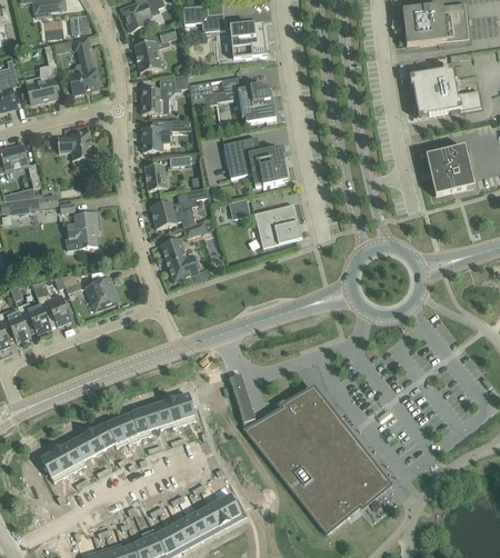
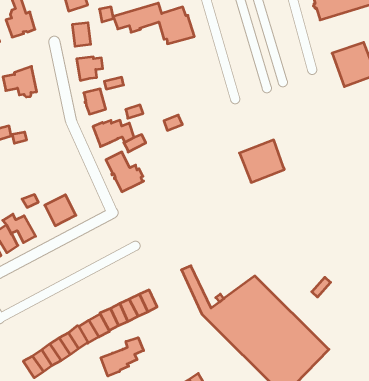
building: [224,137,289,187] -> none
building: [254,203,302,248] -> [239,140,284,182]
building: [66,211,98,249] -> none
building: none -> [101,338,144,376]

